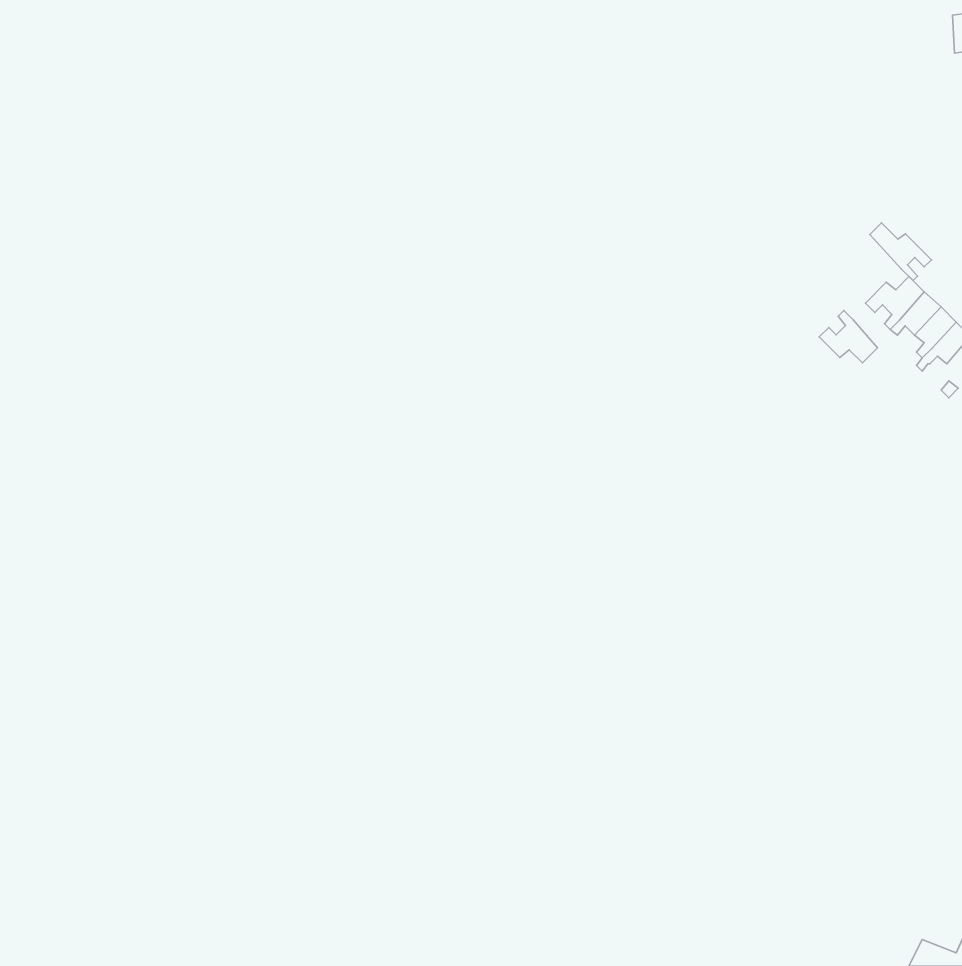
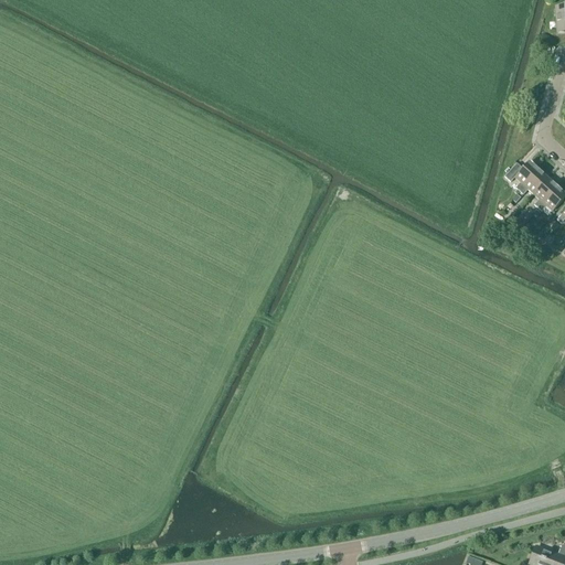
building: [870,223,932,281] -> none
building: [819,310,877,363] -> none

